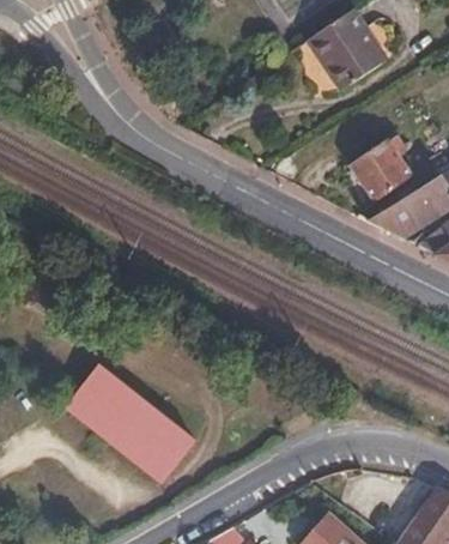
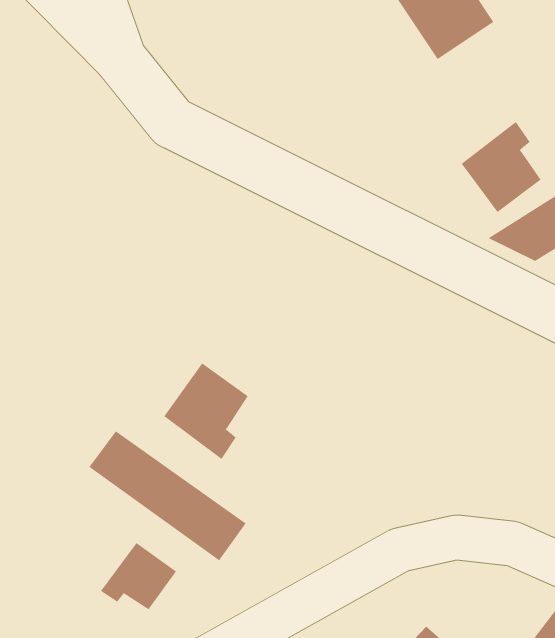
building: none -> [163,362,249,460]
building: none -> [100,542,177,610]

